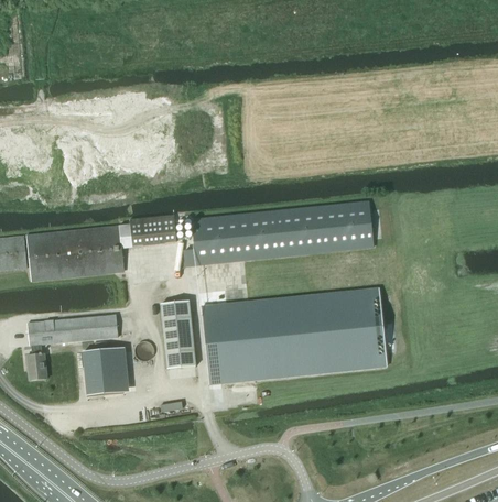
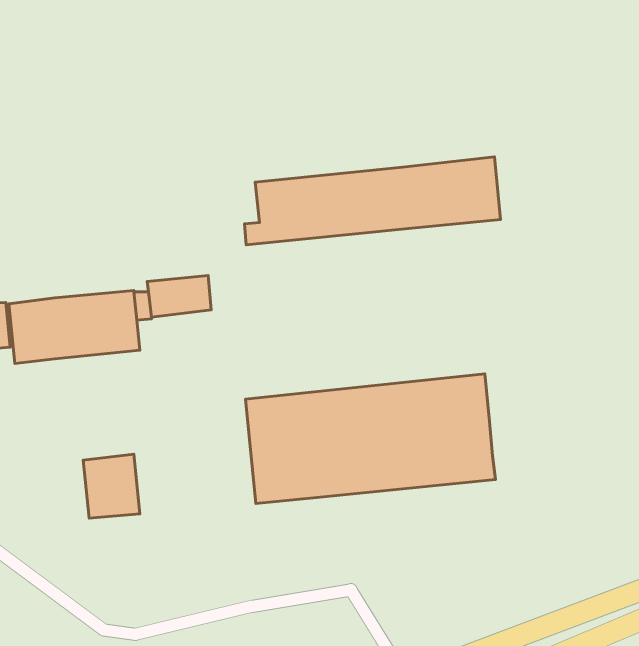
building: [184,200,374,265] -> [245,157,501,245]
building: [161,299,196,369] -> none
building: [26,314,118,380] -> none

